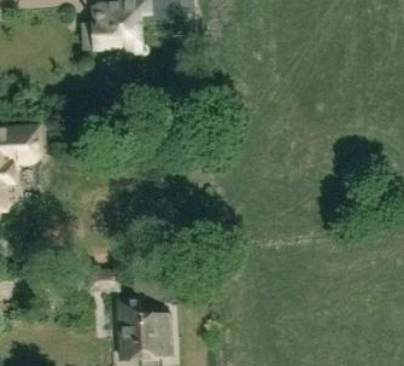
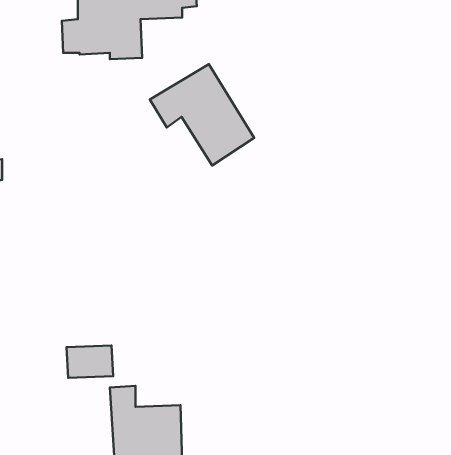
building: none -> [150,64,254,166]

